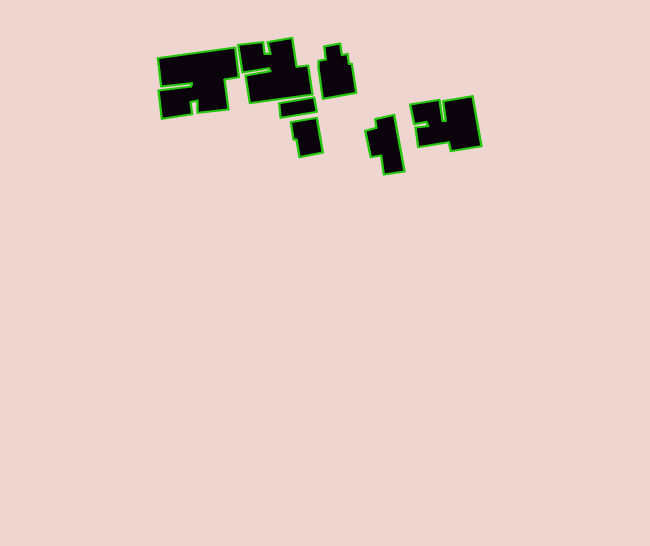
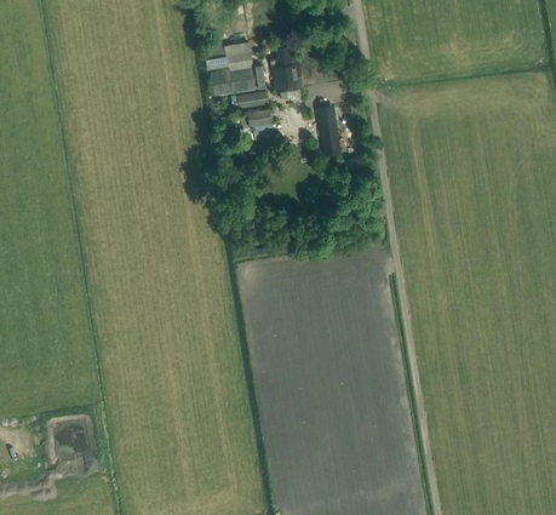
building: [158,47,239,119] -> none
building: [410,96,481,151] -> none

